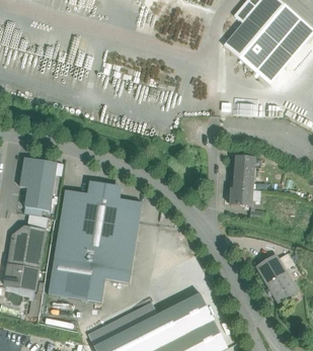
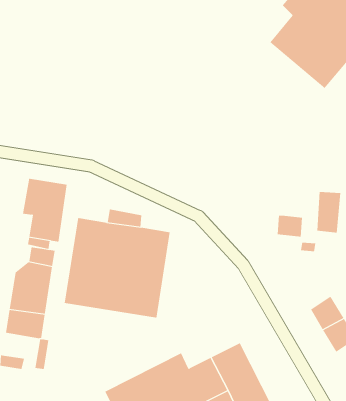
building: [235,155,255,189] -> [317,192,341,233]
building: [49,260,132,302] -> none

